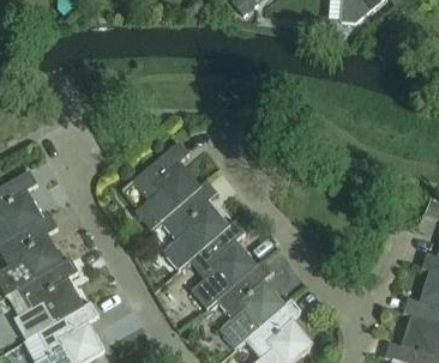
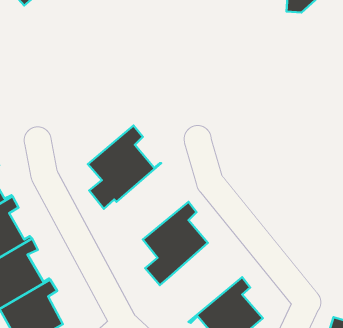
building: [161,181,236,267] -> none
building: [216,260,293,349] -> none

